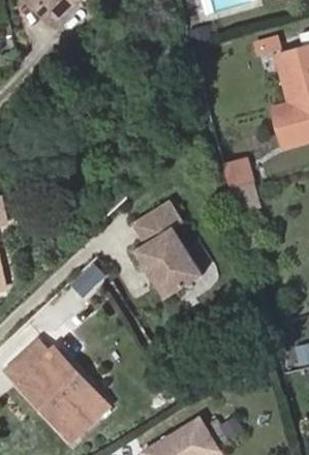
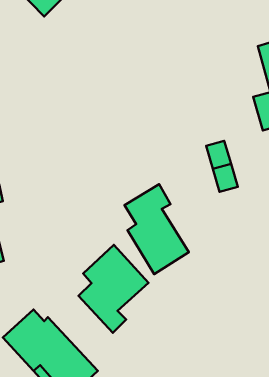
building: none -> [78,245,148,333]

